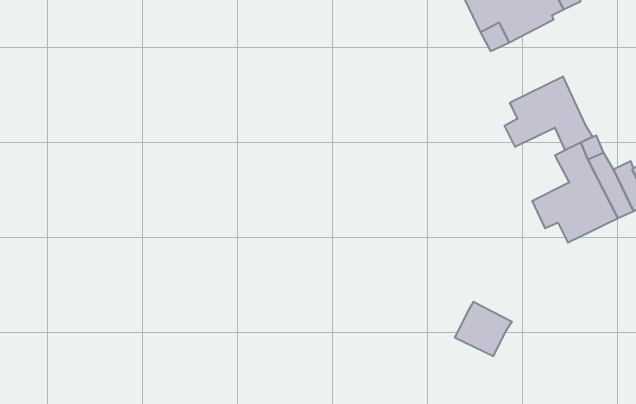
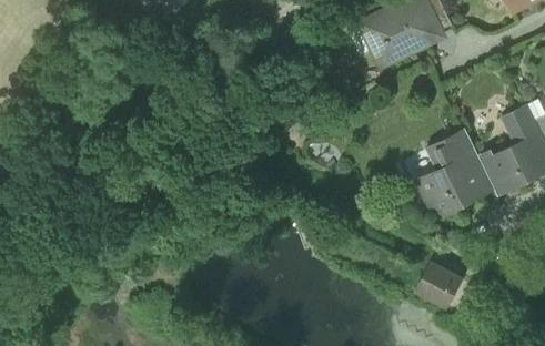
building: [504,76,593,150] -> none
building: [455,302,512,356] -> [417,264,462,306]

